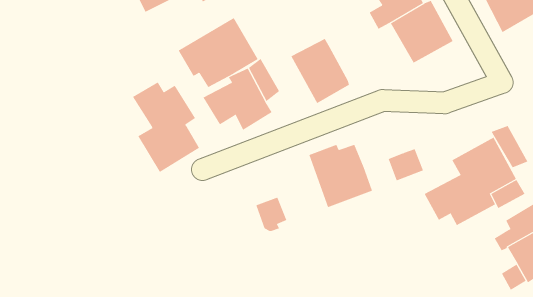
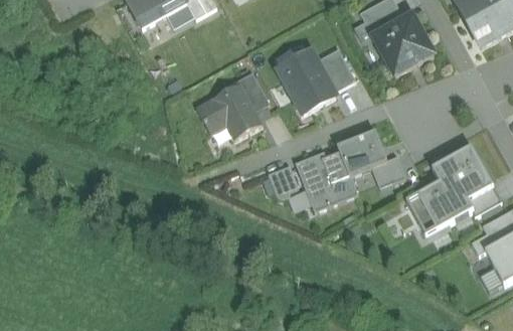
building: [178,17,258,88] -> none
building: none -> [317,48,355,92]
building: [132,81,200,173] -> none
building: none -> [338,131,386,174]
building: [491,125,528,168] -> none
building: [255,197,287,232] -> [268,165,298,198]

